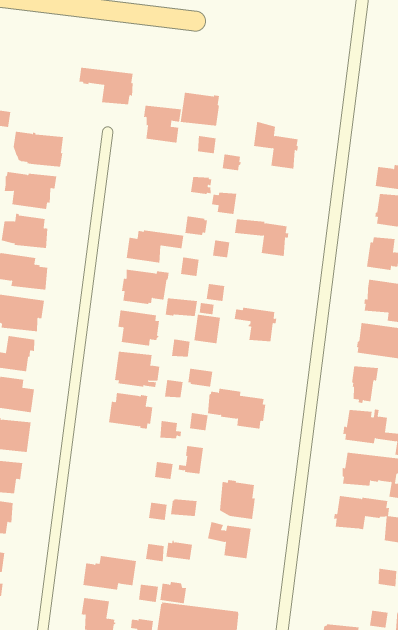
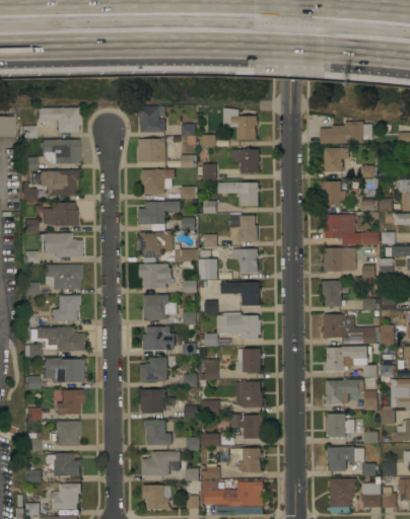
building: [79,67,133,105] -> [38,107,80,133]
building: [180,92,220,126] -> [138,138,166,162]
building: none -> [232,149,260,172]
building: none -> [142,168,175,194]
building: none -> [228,215,258,241]
building: none -> [221,282,261,305]
building: none -> [140,356,177,381]
building: none -> [235,348,262,372]
building: none -> [141,388,165,413]
building: none -> [144,420,172,445]
building: none -> [326,414,354,437]
building: none -> [230,448,262,471]
building: none -> [328,446,364,471]

